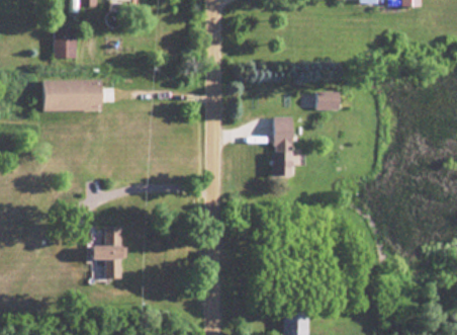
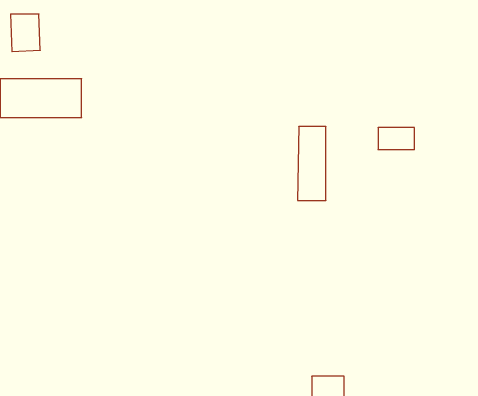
building: [313,92,342,109] -> [378,128,414,150]
building: [96,227,125,278] -> none

